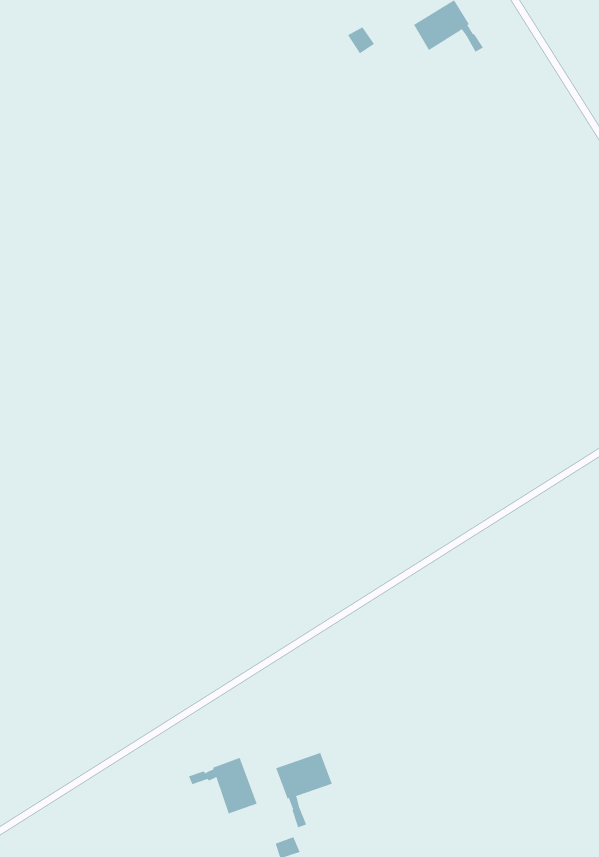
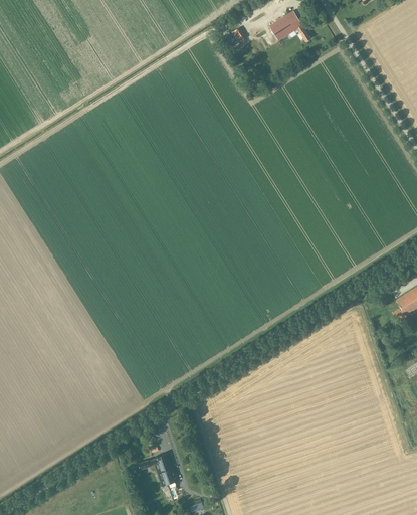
building: [276,752,332,828] -> none

